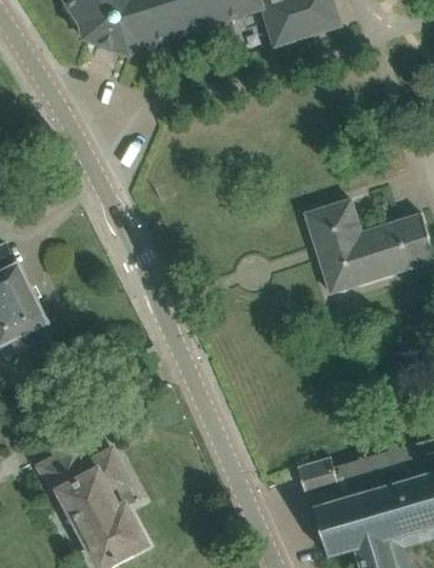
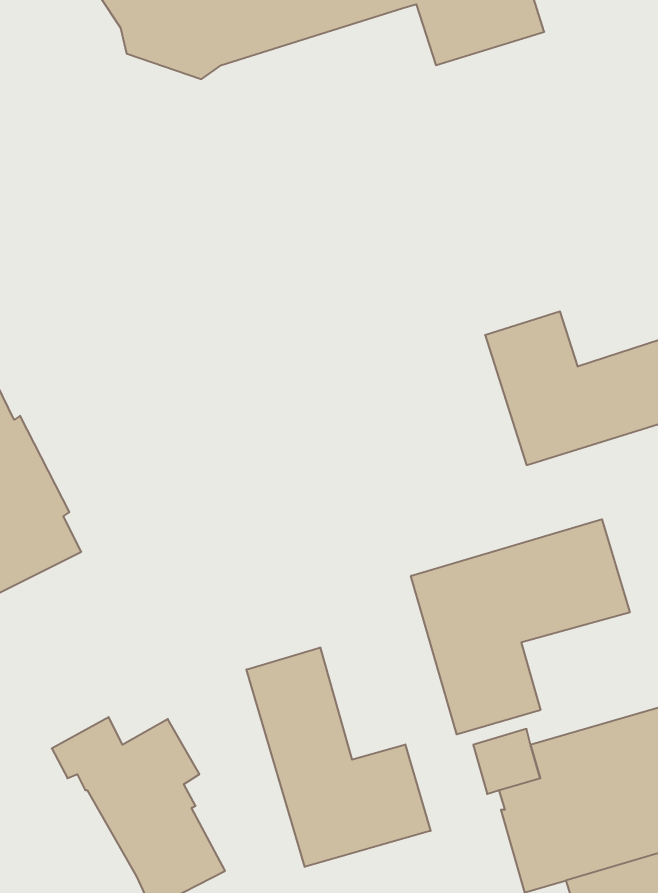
building: none -> [411,519,630,734]
building: none -> [246,647,431,867]

